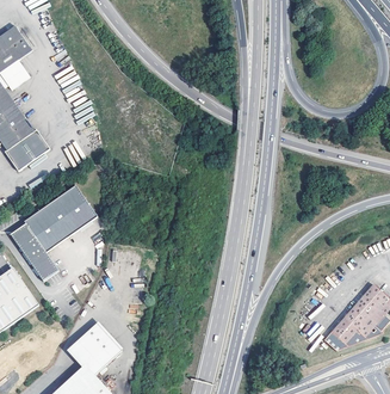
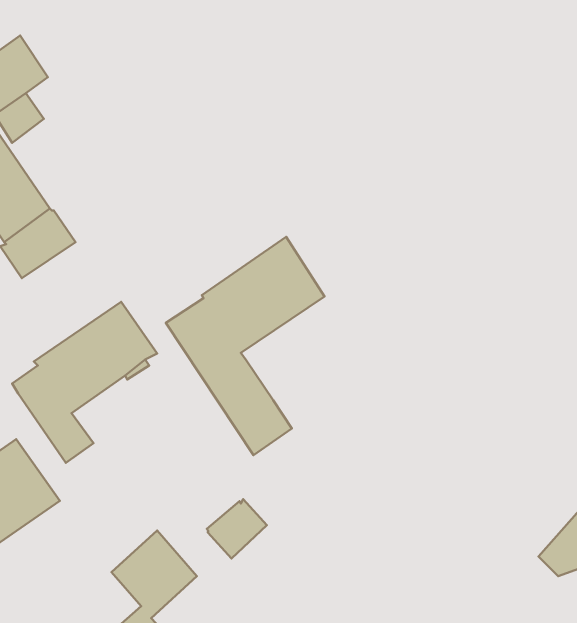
building: none -> [166,237,325,455]
building: none -> [207,499,267,558]

